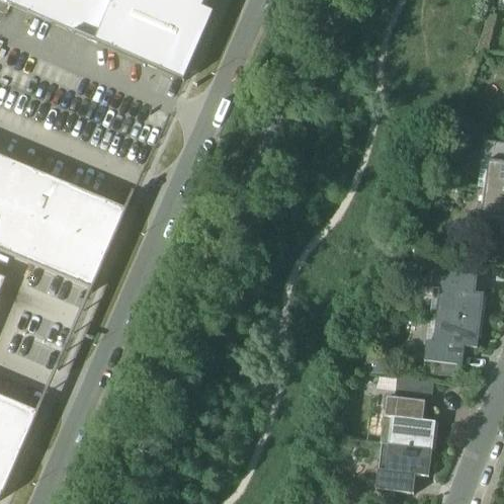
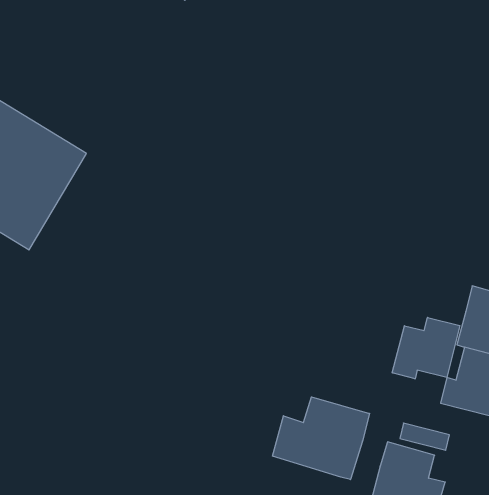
building: none -> [392,317,460,379]
building: none -> [272,397,370,480]

